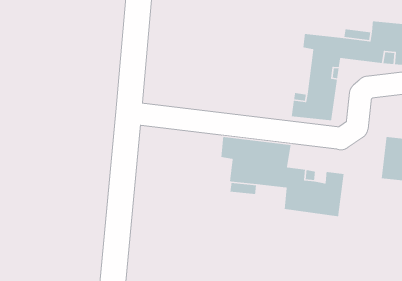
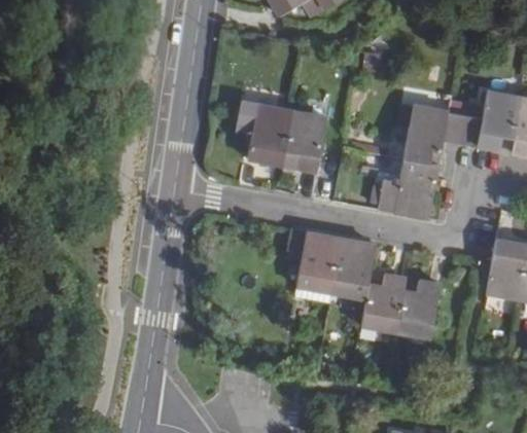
building: none -> [236,102,327,170]

